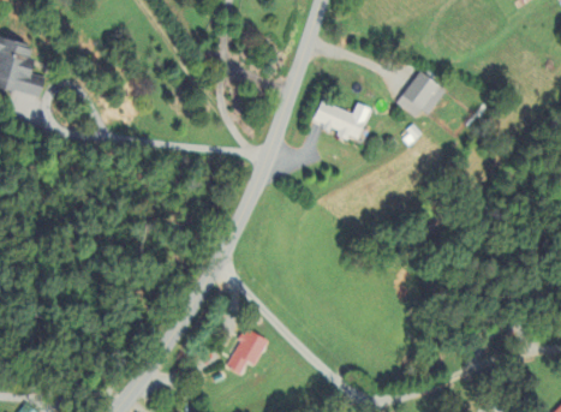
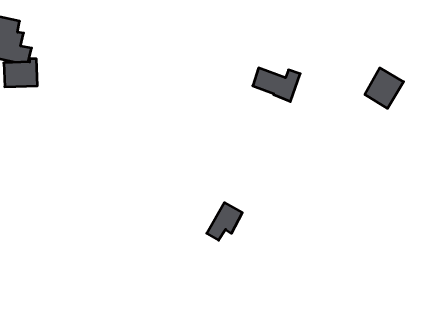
building: [399,71,446,120] -> [365,68,404,108]
building: [225,328,268,374] -> [207,203,242,240]

